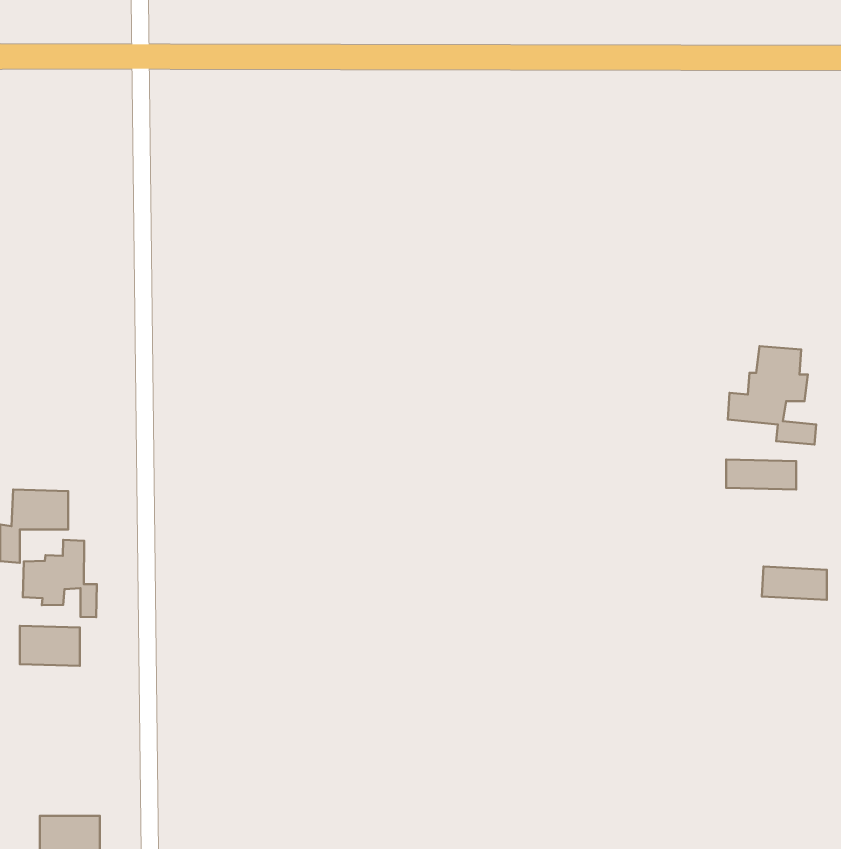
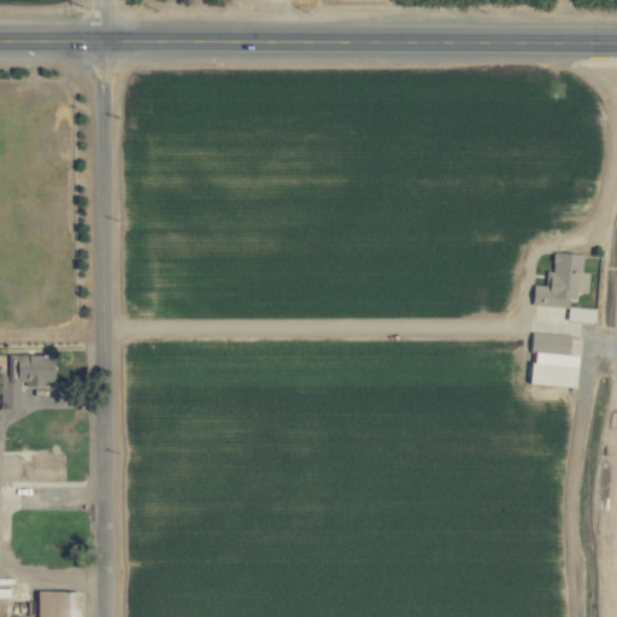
building: [23,540,97,617] -> none
building: [762,567,827,600] -> [529,363,576,387]

